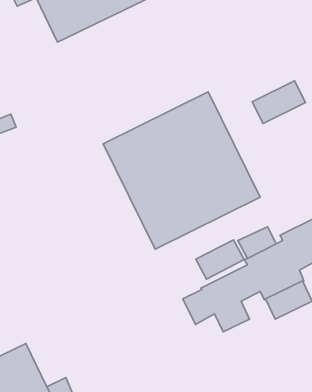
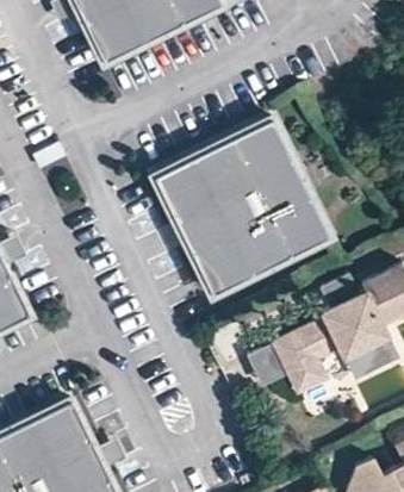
building: [252,81,306,123] -> none
building: [196,240,244,279] -> none

